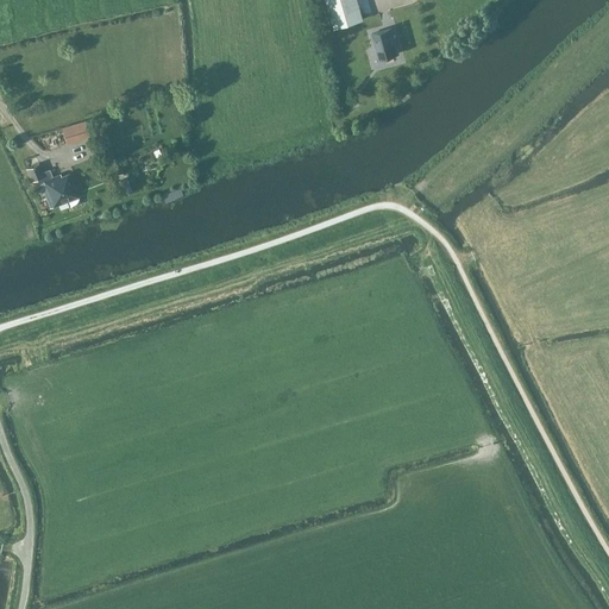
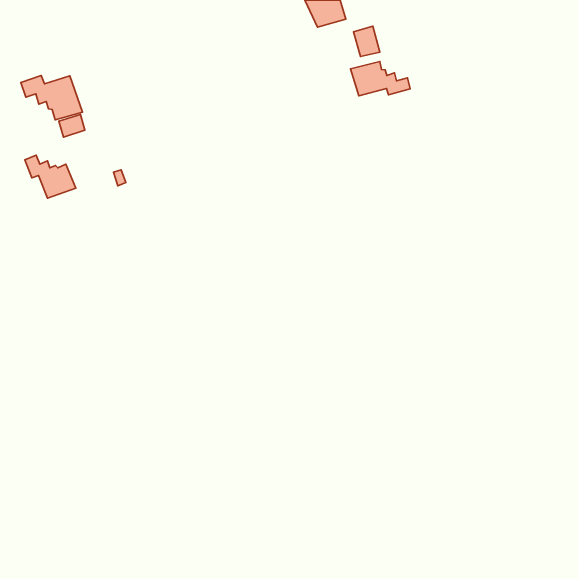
building: none -> [350,62,410,96]
building: none -> [21,75,83,120]

